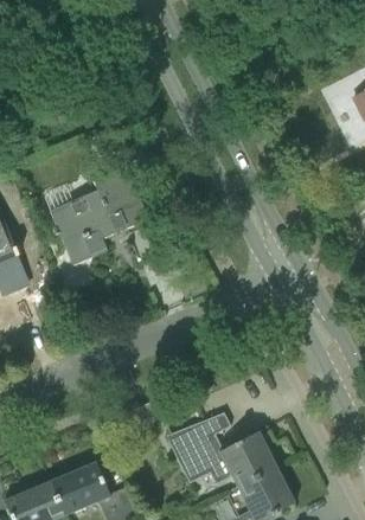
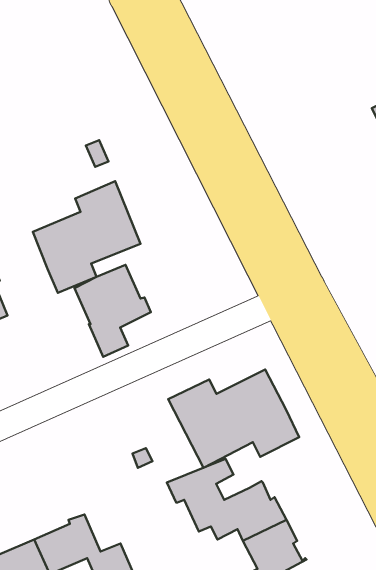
building: none -> [74,265,151,357]
building: none -> [168,370,299,468]

